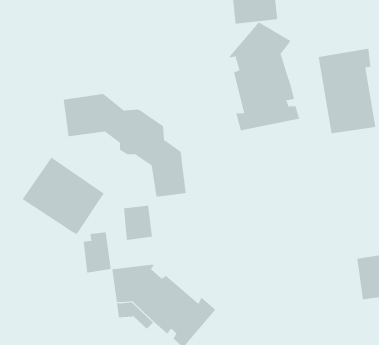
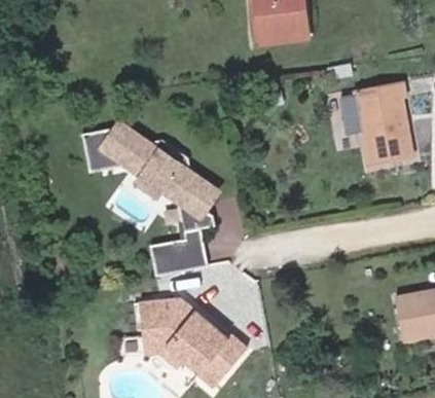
building: [229,22,300,131] -> none
building: [22,156,104,235] -> none
building: [83,232,111,273] -> [175,228,205,272]

